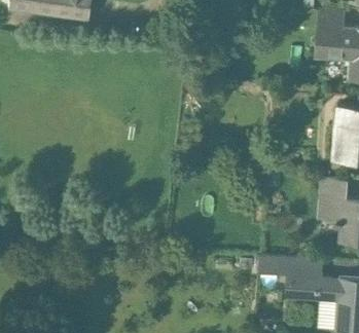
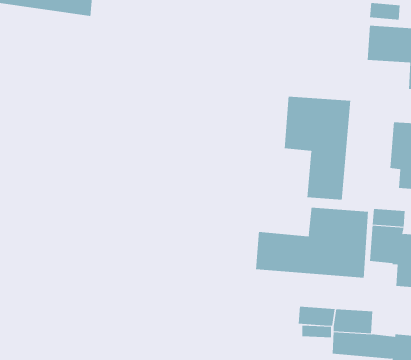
building: none -> [284,96,351,201]
building: none -> [255,207,368,279]

